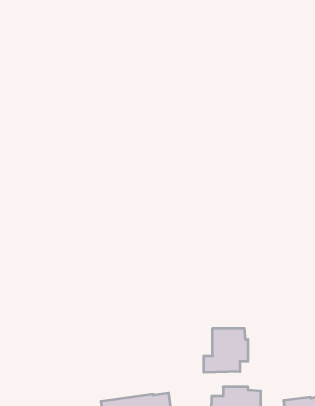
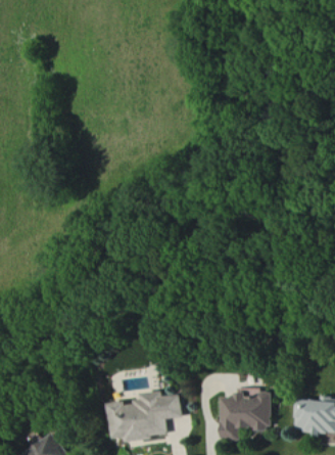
building: [204,328,248,372] -> none

